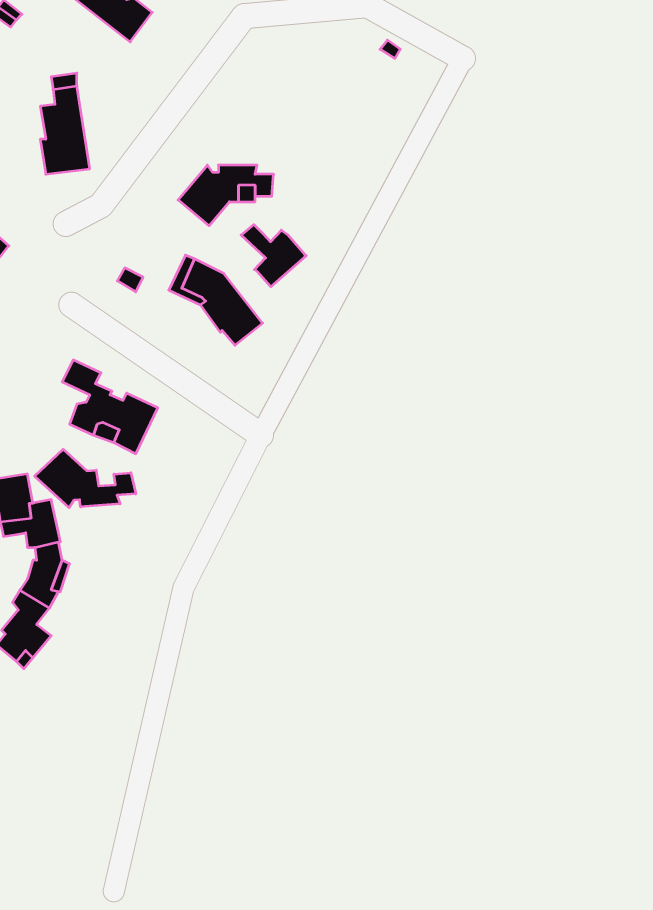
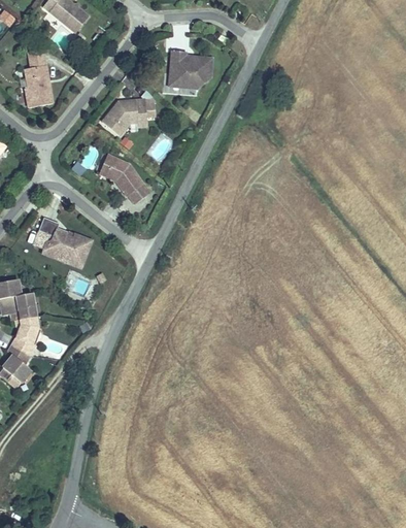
building: none -> [168,53,210,89]
building: [241,225,306,287] -> none
building: [35,449,136,508] -> none

